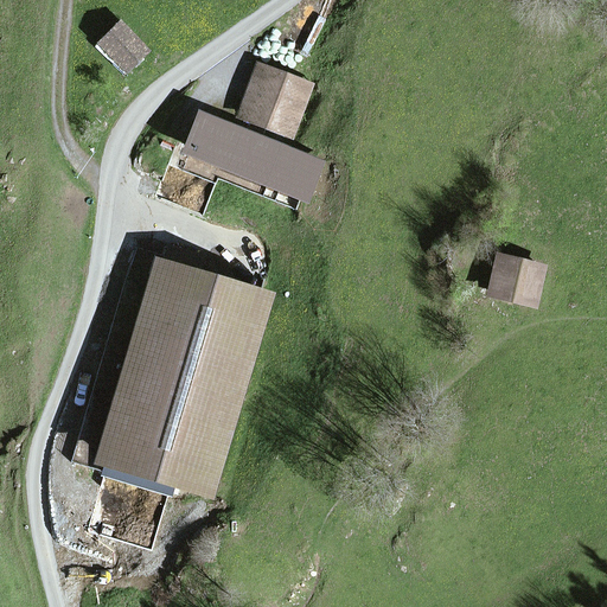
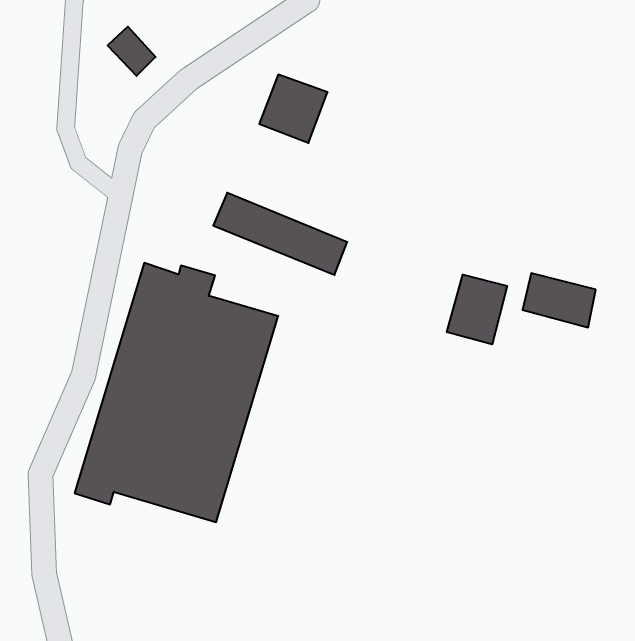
building: [200,123,326,200] -> [213,193,347,275]
building: none -> [447,275,507,344]

